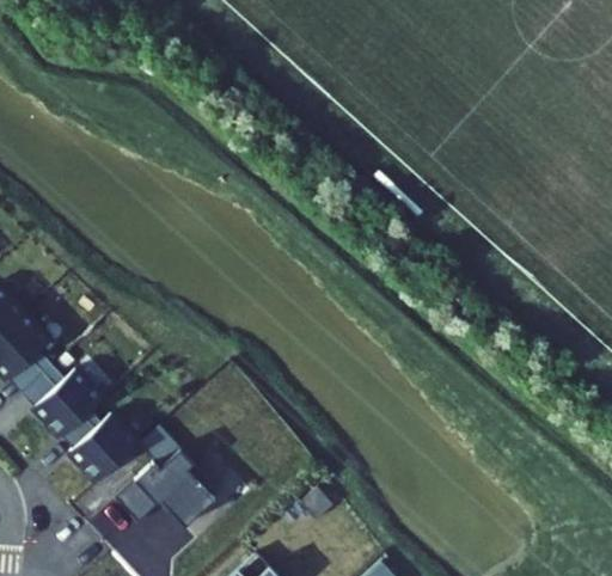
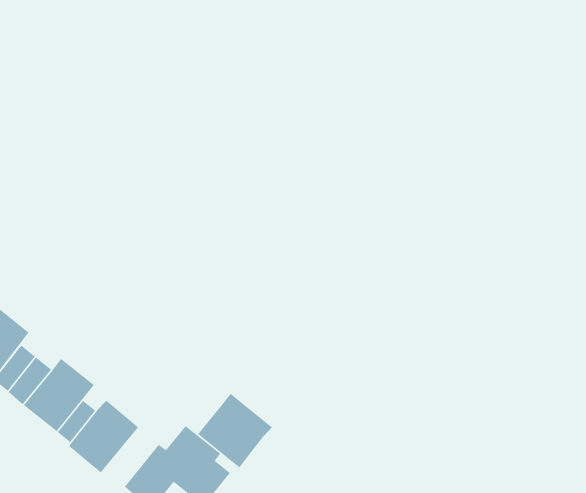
building: none -> [197,393,273,468]

